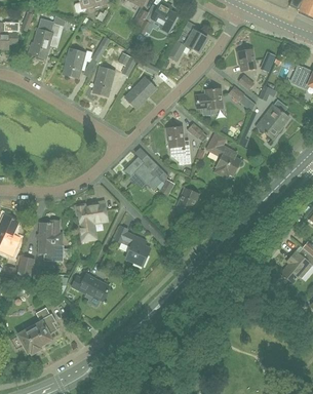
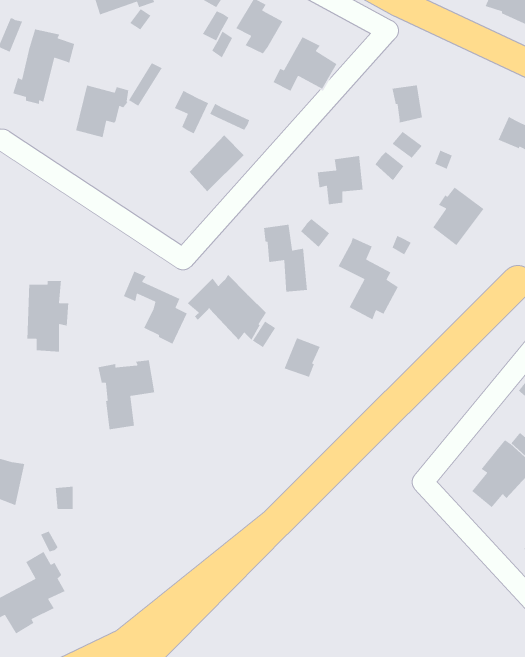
building: [92,67,114,96] -> none
building: [39,220,63,260] -> [27,280,69,353]
building: [114,225,150,266] -> [123,270,188,345]
building: [72,272,110,299] -> none

